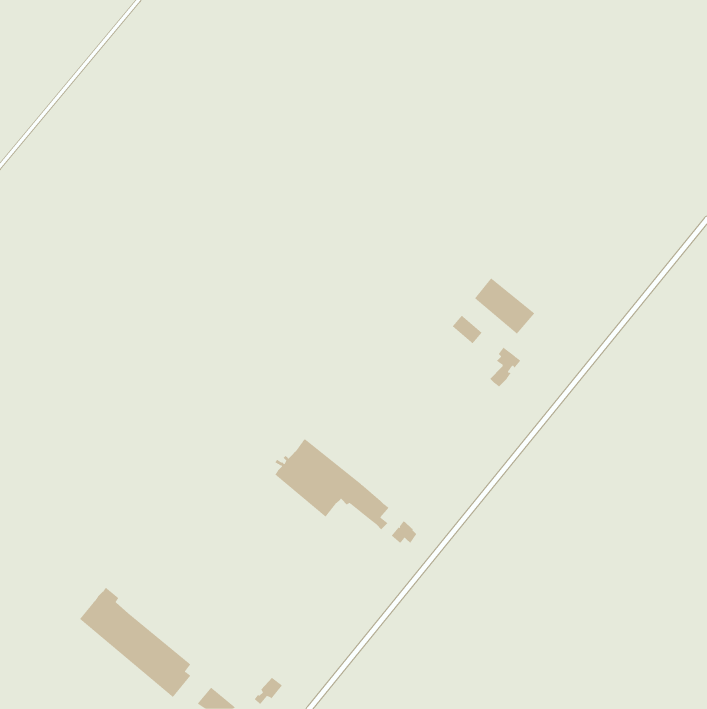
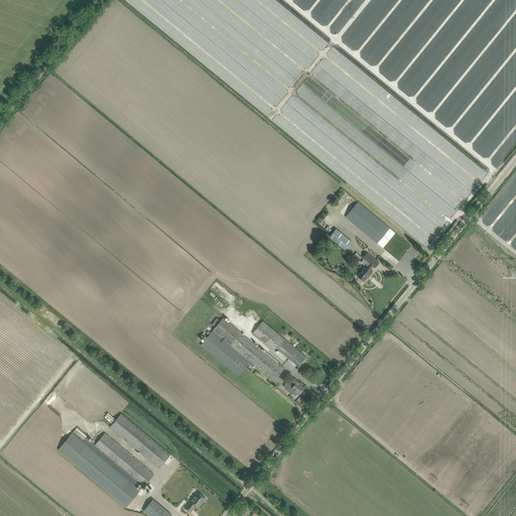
building: none -> [251,320,305,367]
building: none -> [110,413,169,468]
building: none -> [94,432,153,486]

